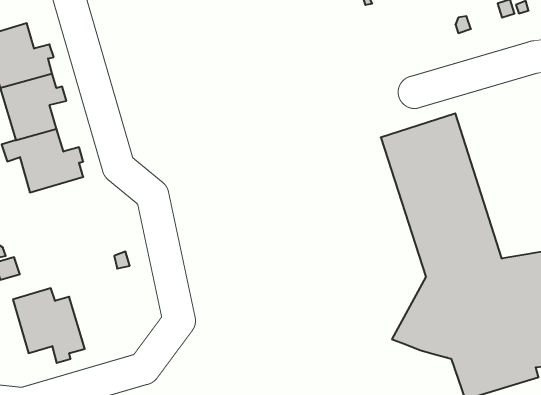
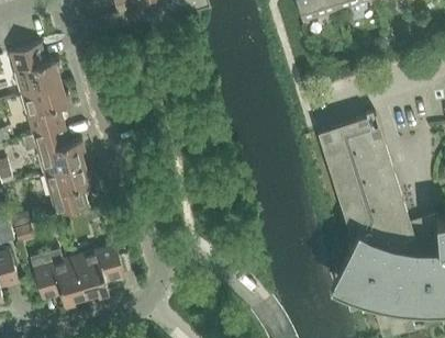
building: none -> [43,162,94,215]
building: none -> [74,245,124,297]

